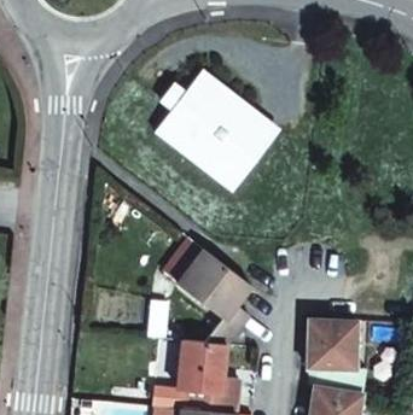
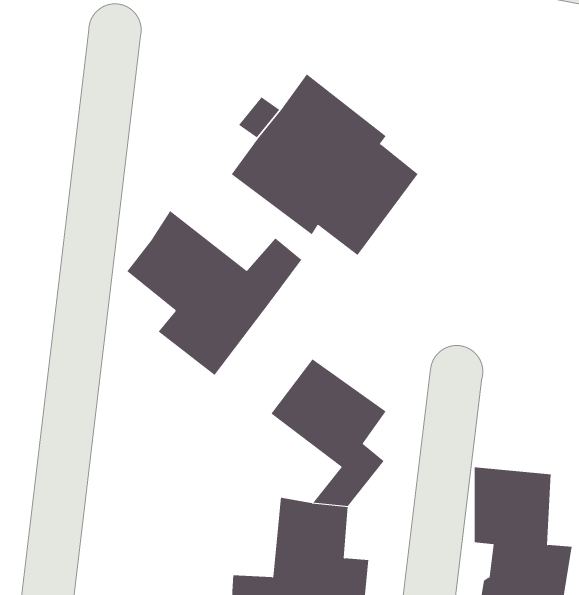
building: none -> [127,210,302,376]

